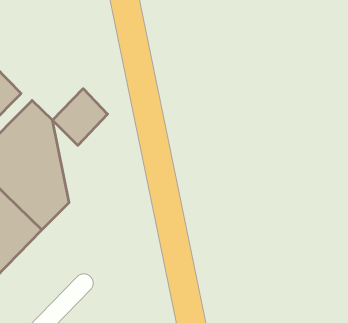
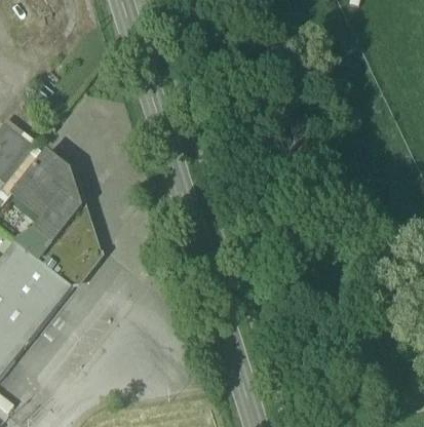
building: [52,89,108,145] -> none

